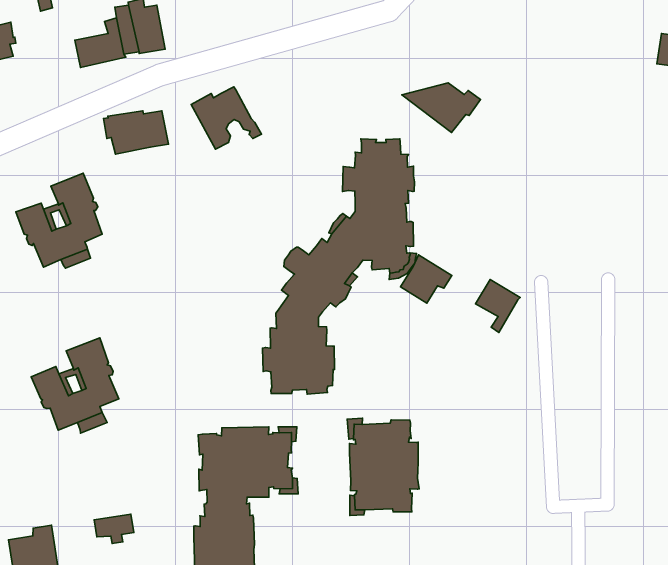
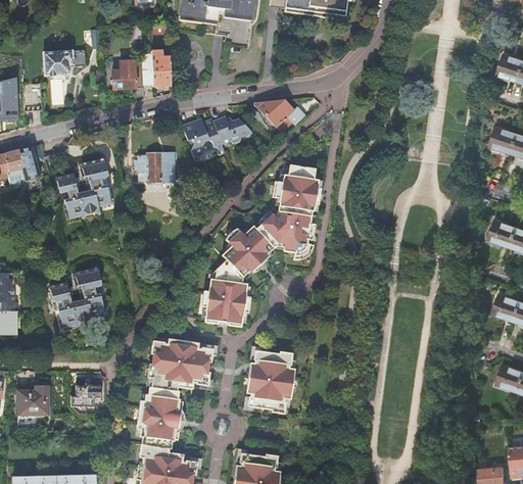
building: none -> [212,115,252,142]
building: [402,83,481,132] -> [253,100,304,133]
building: [104,111,169,154] -> [135,155,175,181]
building: [401,255,452,303] -> none
building: [476,280,520,332] -> none

